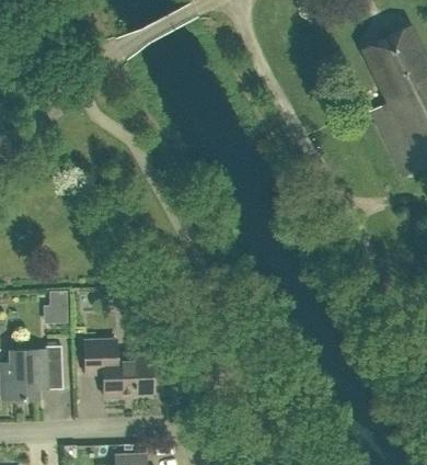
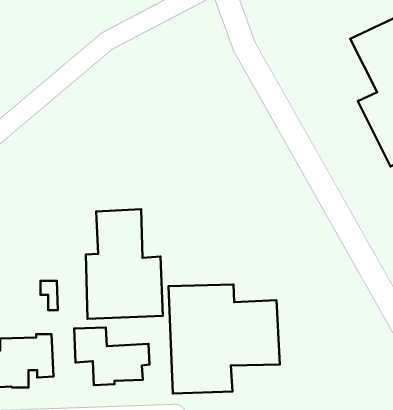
building: none -> [86,209,163,319]
building: none -> [169,284,280,393]

